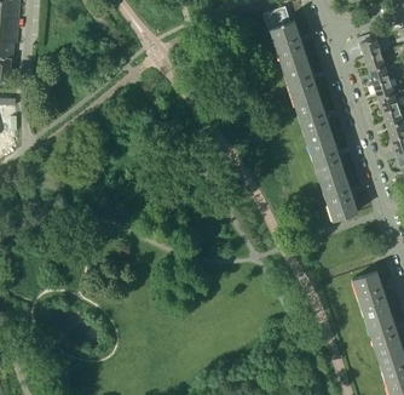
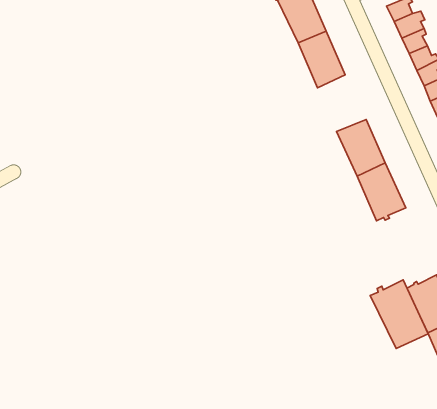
building: [295,97,333,143] -> none
building: none -> [370,280,428,348]

